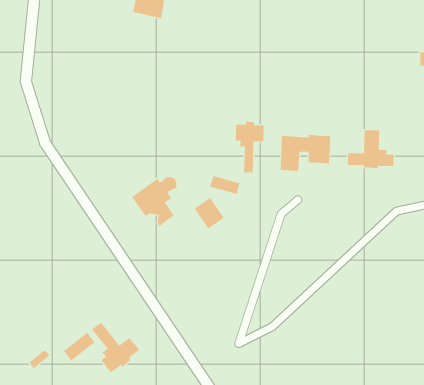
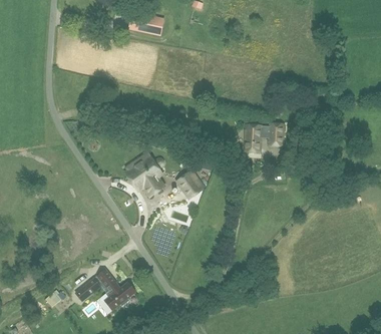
building: [235,121,264,173] -> none
building: [347,130,394,169] -> none

